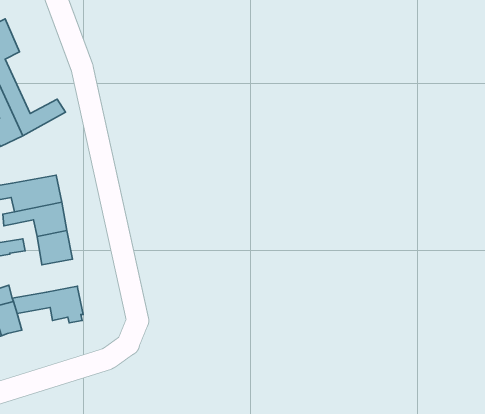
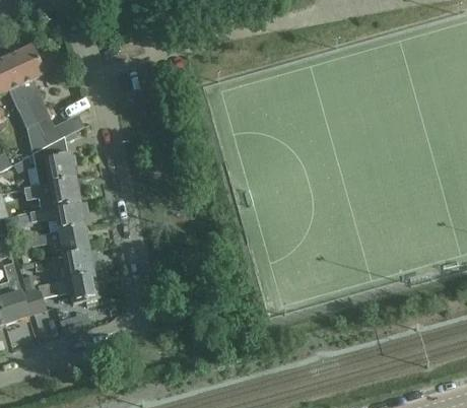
building: none -> [31,136,75,186]
building: none -> [51,251,93,279]

